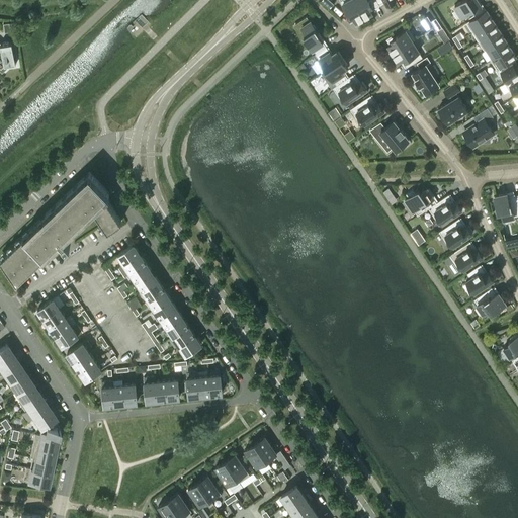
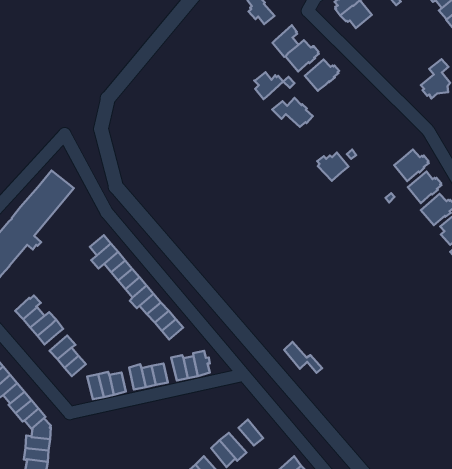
building: [316,50,344,76] -> [254,72,283,99]
building: [413,59,440,96] -> none
building: [439,86,468,125] -> none
building: [370,122,410,152] -> [272,98,313,127]
building: [407,190,437,218] -> [317,153,349,181]
building: [96,202,122,233] -> none
building: [256,438,291,471] -> [284,342,322,373]

